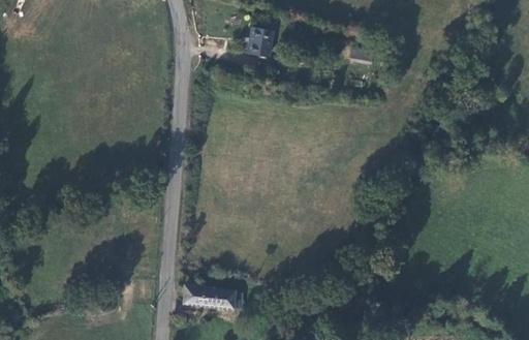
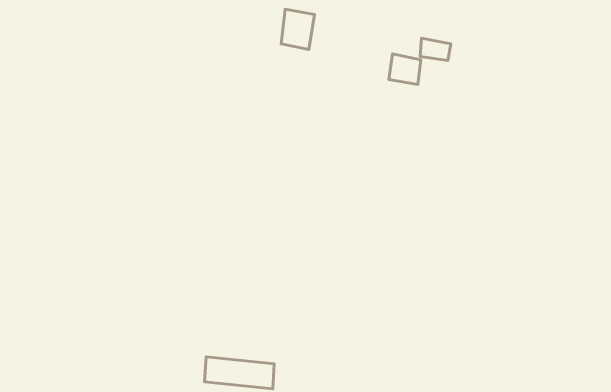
building: none -> [389,54,421,84]

